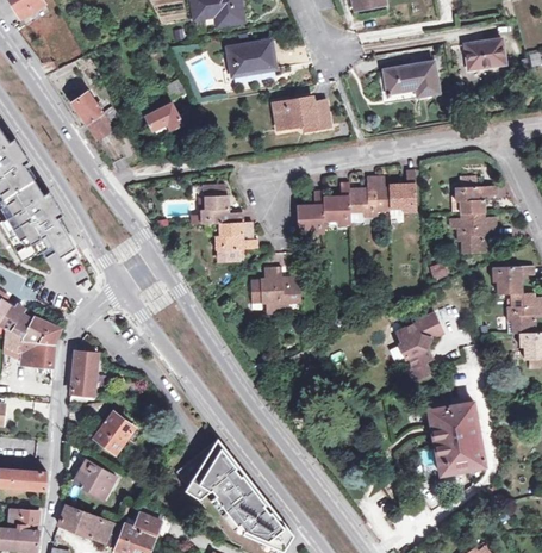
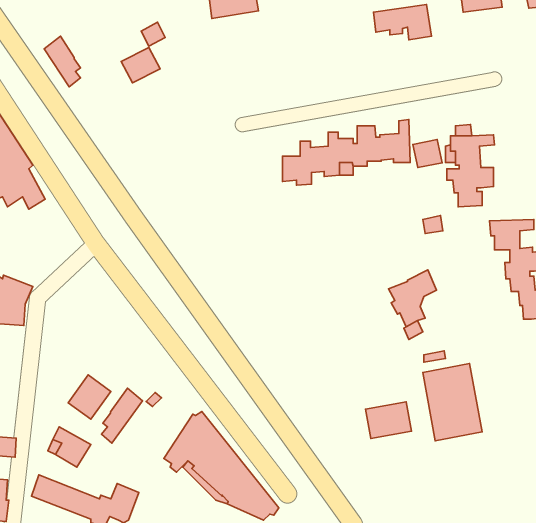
building: [272,97,329,129] -> none
building: [200,187,256,262] -> none
building: none -> [413,140,442,168]
building: [250,268,300,310] -> none
building: [73,352,99,394] -> none
building: none -> [102,388,143,443]
building: none -> [365,402,412,439]

